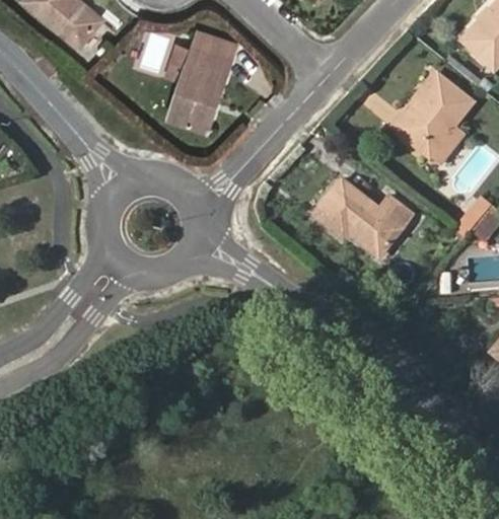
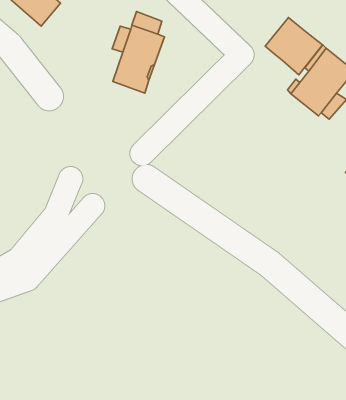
building: none -> [265,17,323,75]
building: [311,179,412,256] -> none

